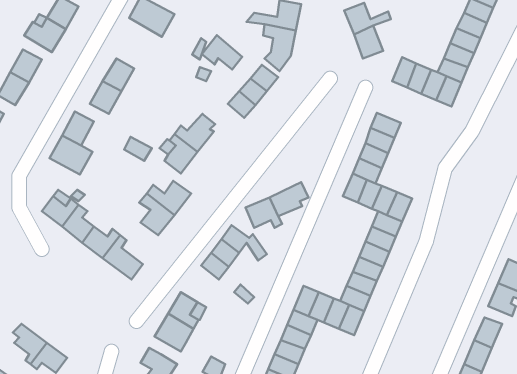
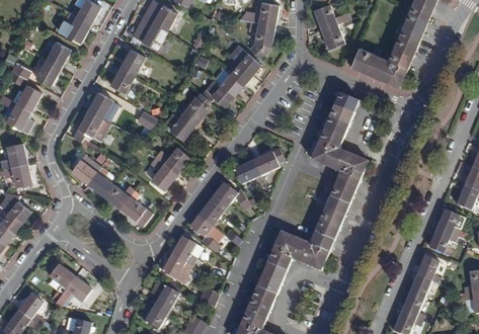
building: none -> [131,16,167,50]
building: [202,35,242,69] -> [201,79,233,106]
building: none -> [189,215,219,251]

